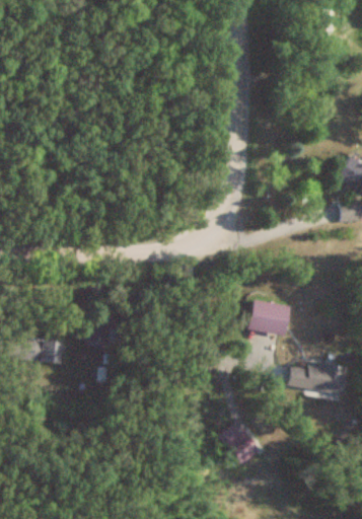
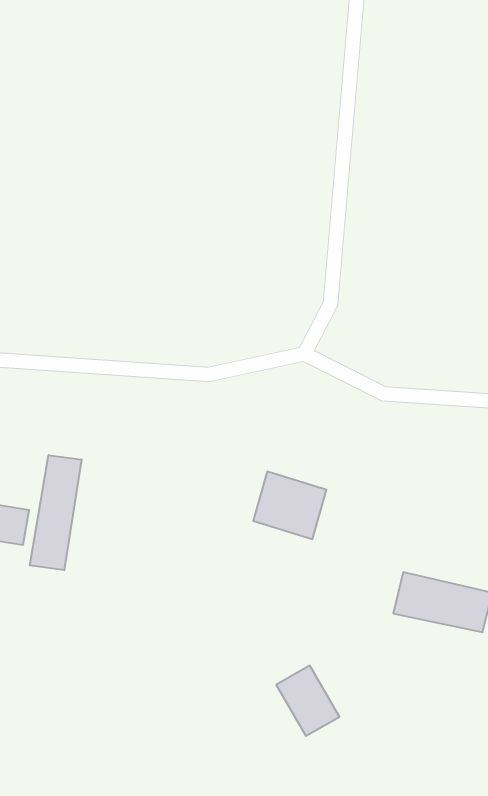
building: [247,298,290,337] -> [253,472,326,539]
building: none -> [30,455,82,570]

